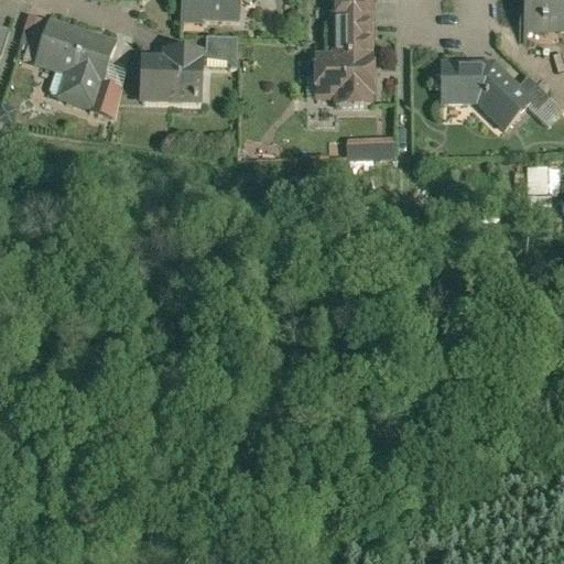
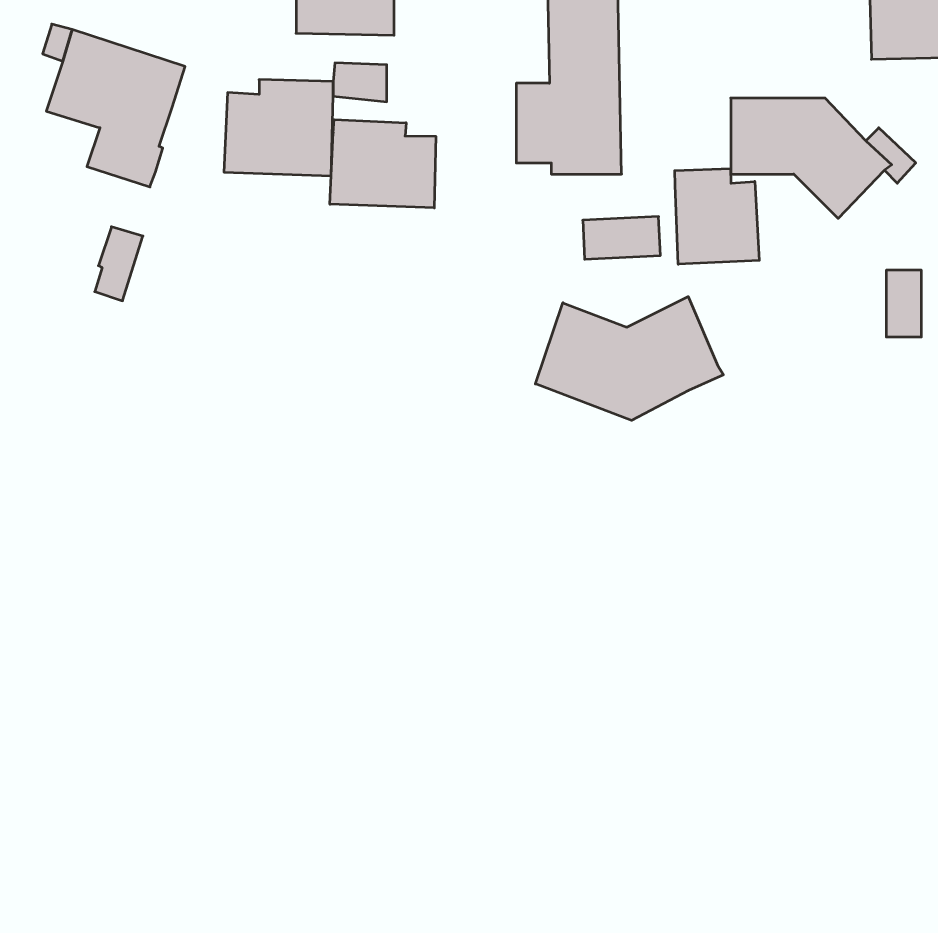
building: [97,64,126,108] -> [95,227,143,301]
building: none -> [330,120,436,208]
building: none -> [675,169,759,264]
building: none -> [535,297,723,420]

